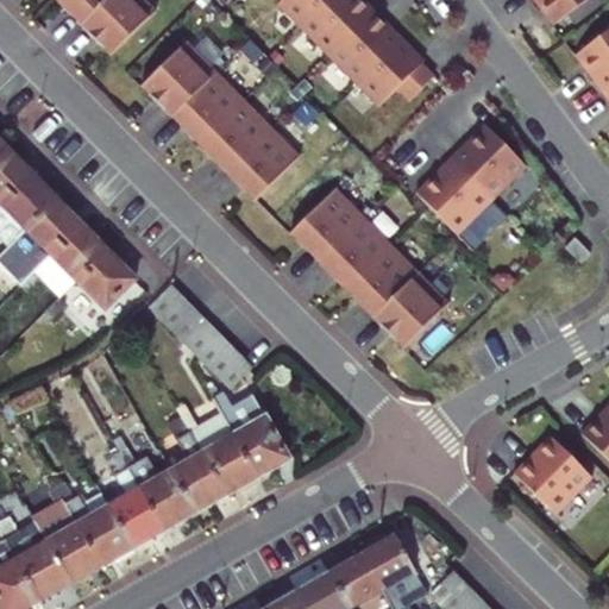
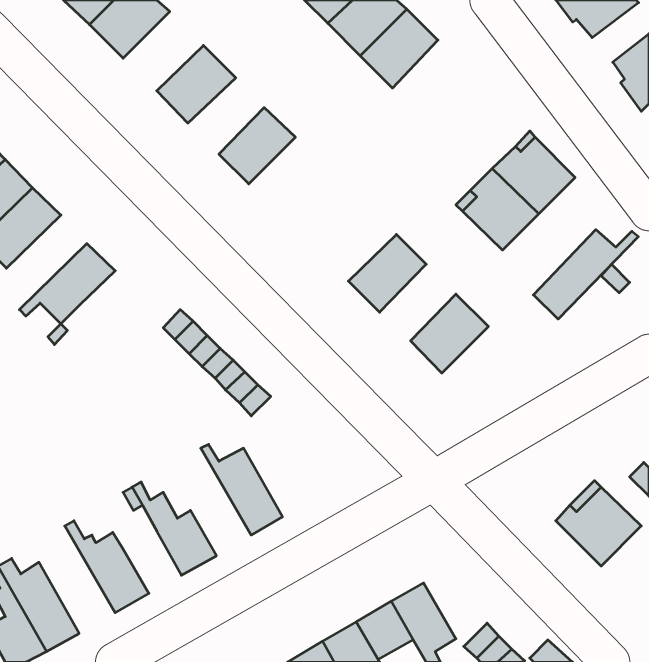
building: [360,37,437,102] -> none
building: [172,71,243,142] -> none
building: [228,126,301,197] -> none
building: [291,187,364,258] -> none
building: [6,197,80,284] -> none
building: none -> [533,230,638,319]
building: [349,243,419,313] -> none
building: [74,249,134,309] -> none
building: [214,391,288,475] -> none
building: [172,412,231,510] -> none
building: [36,483,106,582] -> none
building: [113,488,167,545] -> none

